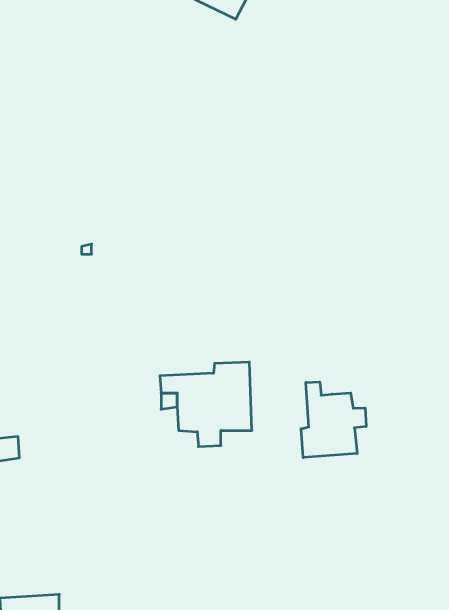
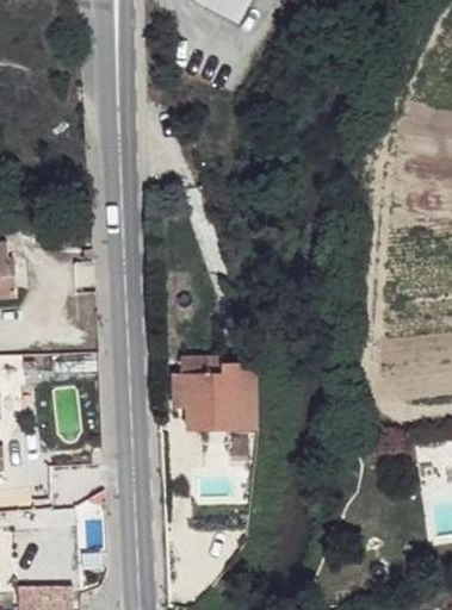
building: [301,382,366,458] -> none

